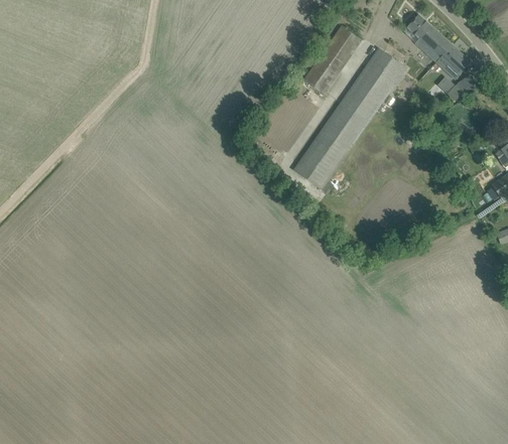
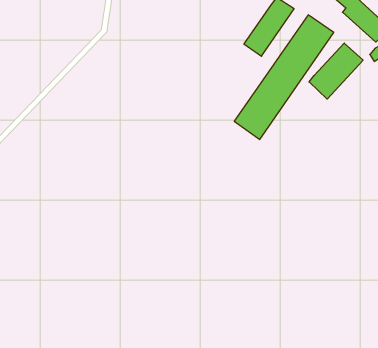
building: none -> [309,43,363,99]

